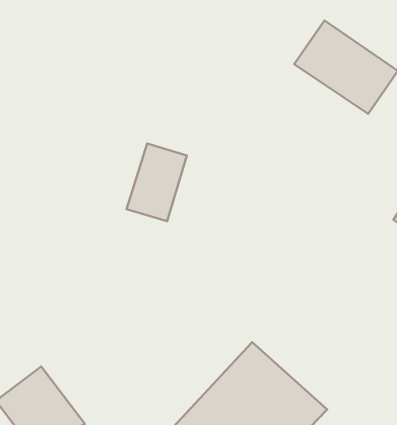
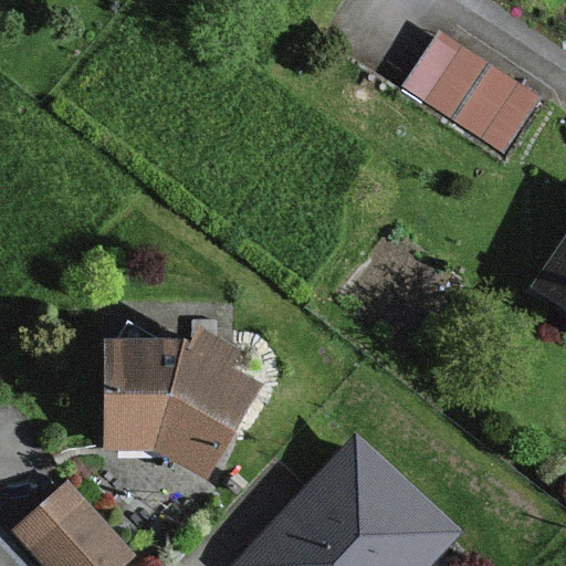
building: [126,143,187,221] -> none
building: none -> [102,336,245,478]

